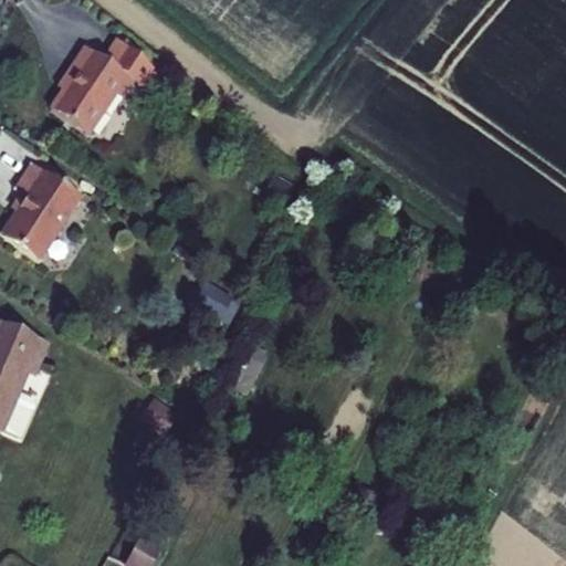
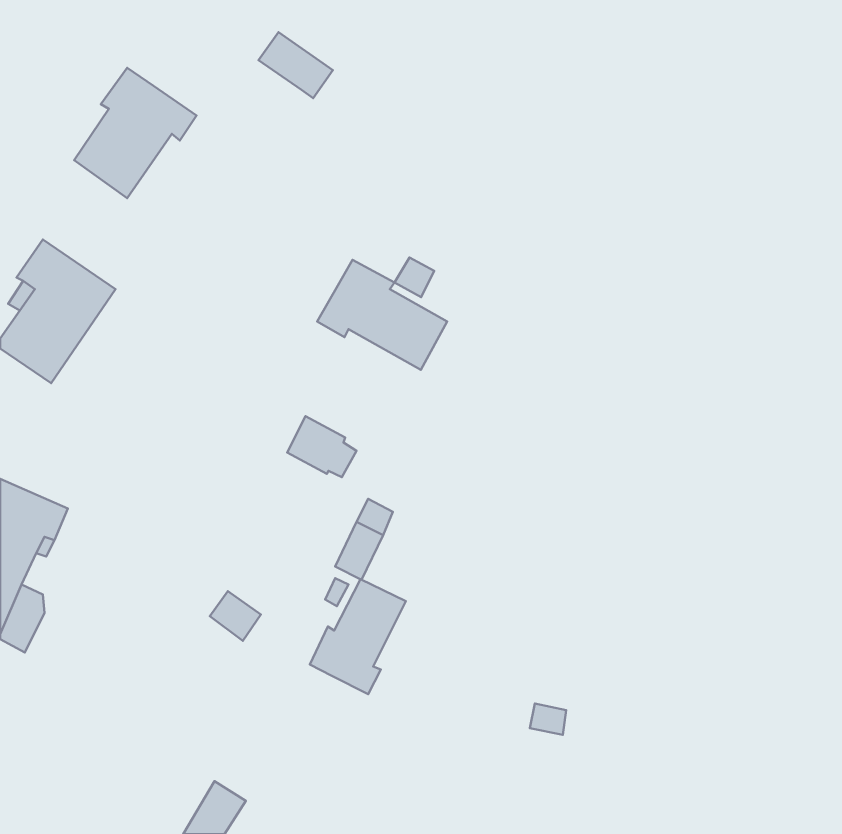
building: [104,39,154,83] -> [259,32,333,98]
building: none -> [317,260,447,370]
building: none -> [310,579,406,694]

